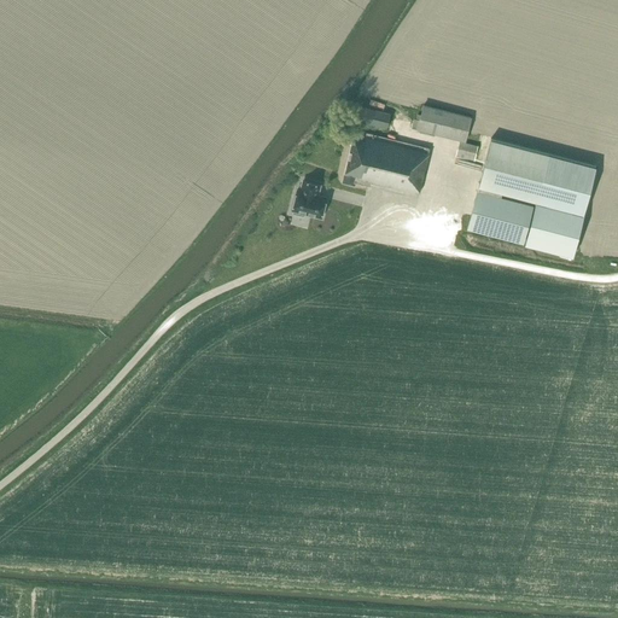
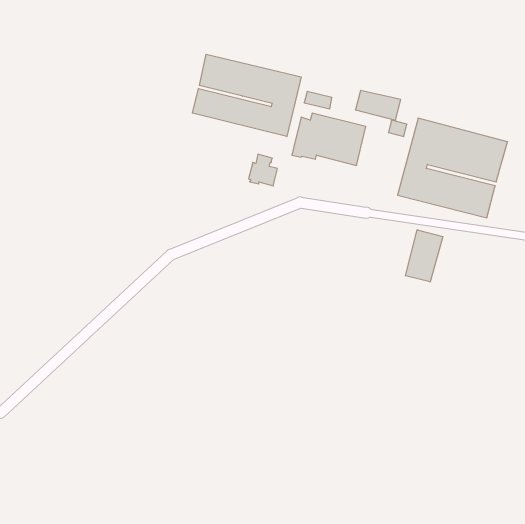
building: none -> [192,54,301,137]
building: none -> [405,230,443,282]

